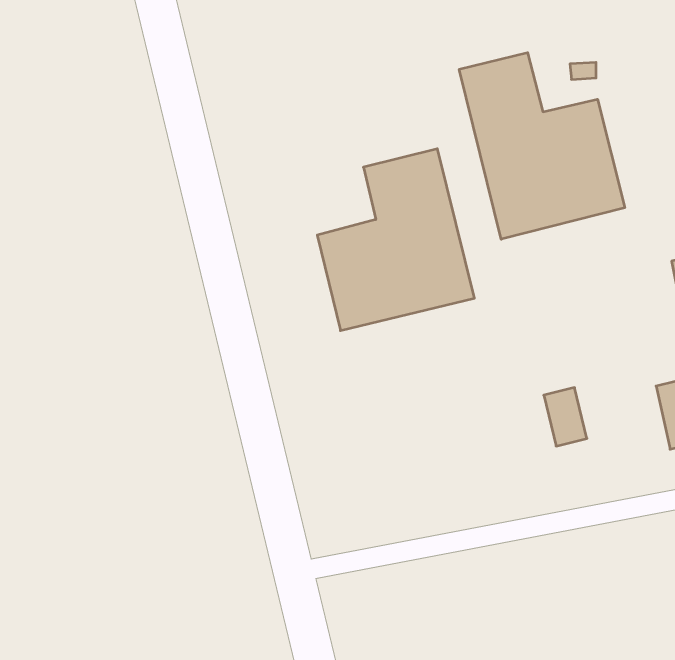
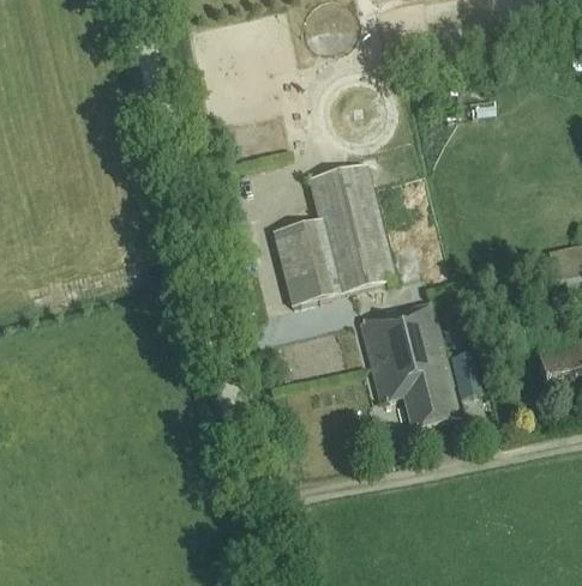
building: [459,53,625,239] -> none
building: none -> [361,301,457,423]

